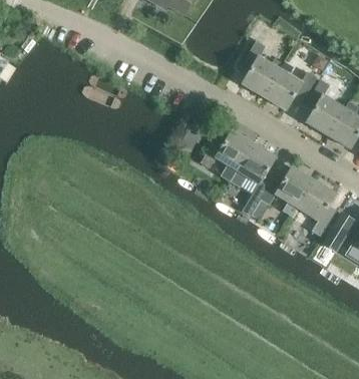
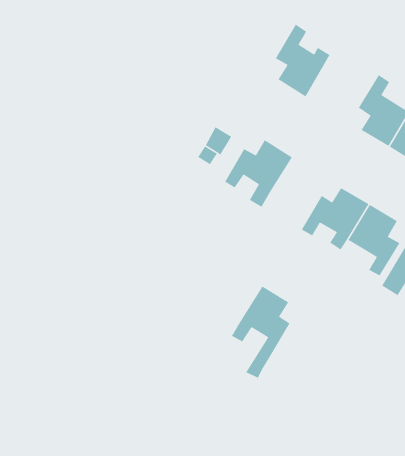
building: [265,62,317,110] -> none
building: [231,143,277,216] -> [231,285,291,379]

